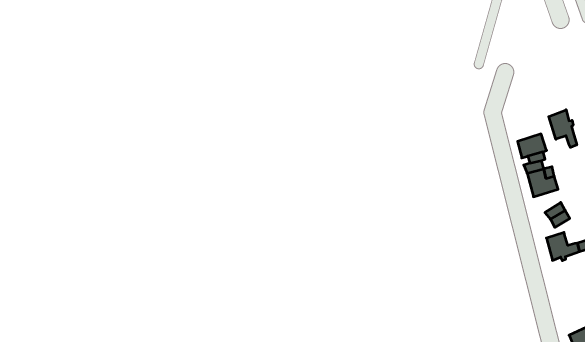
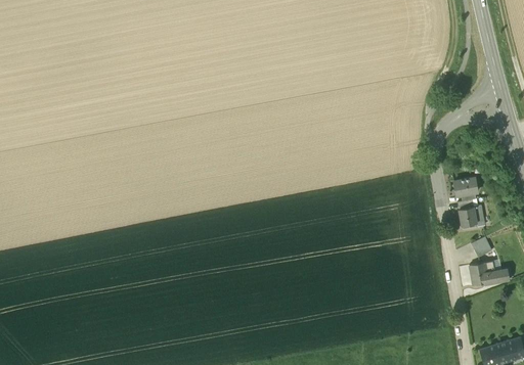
building: [549,110,577,147] -> none

